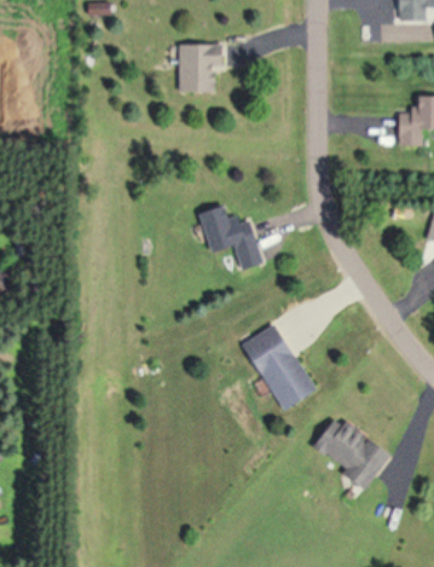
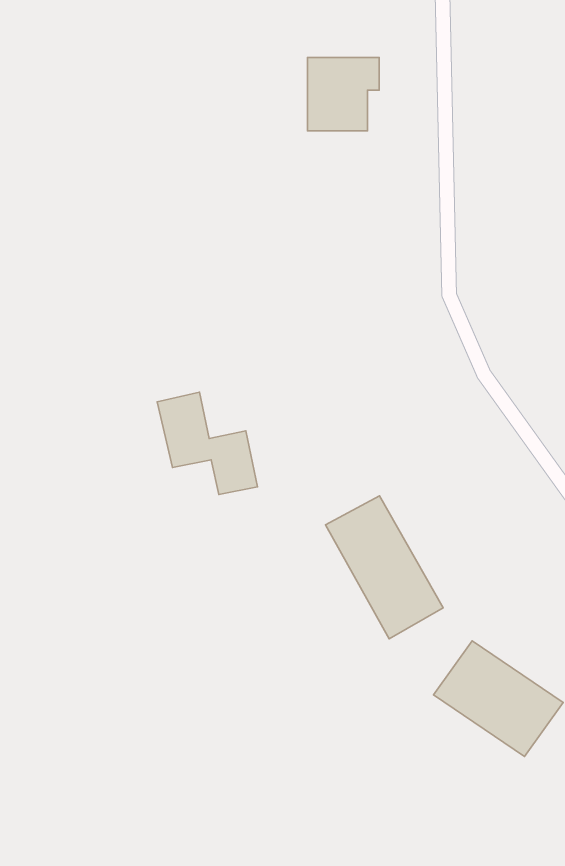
building: [178,45,222,91] -> [308,57,379,131]
building: [199,206,262,270] -> [157,392,258,495]

